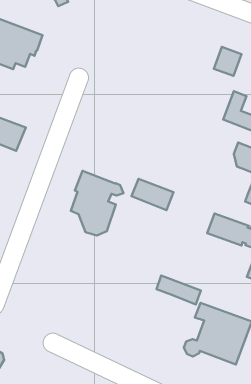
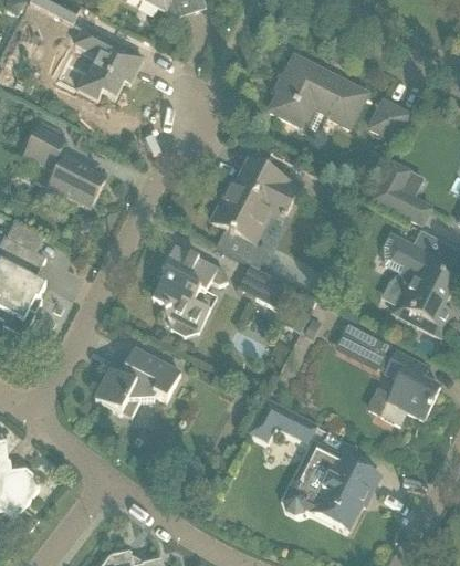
building: none -> [269,53,367,126]
building: none -> [211,157,300,261]
building: none -> [94,346,180,411]

